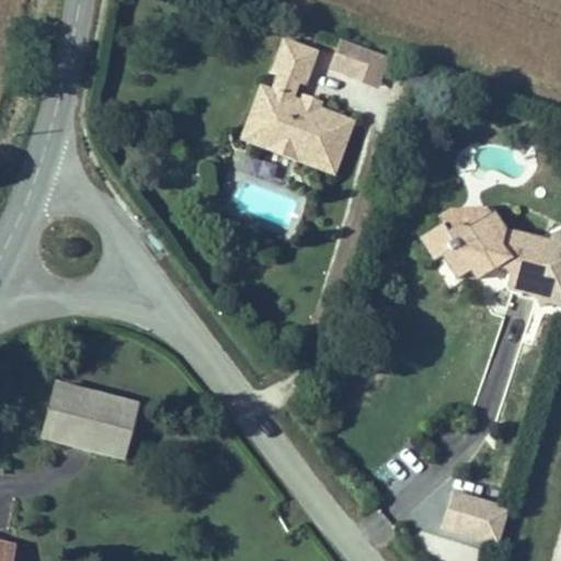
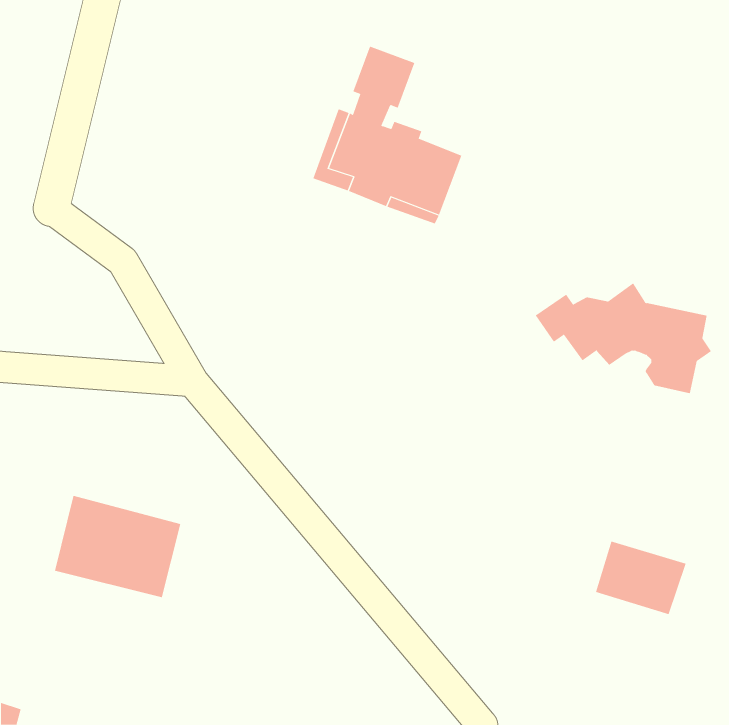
building: [329,36,390,87] -> none
building: [442,489,512,546] -> [595,541,686,615]

